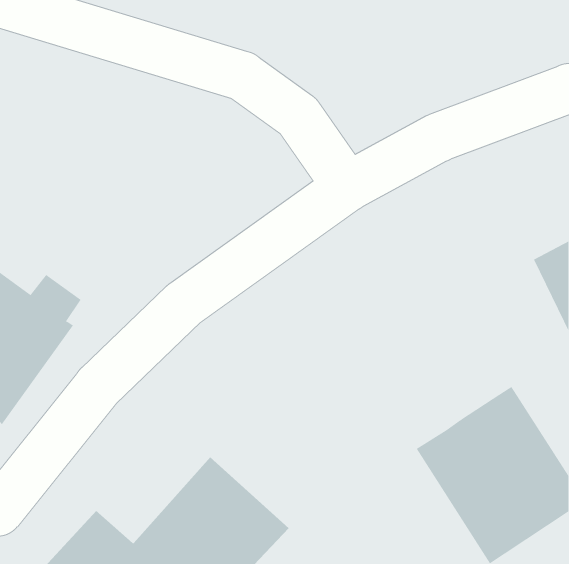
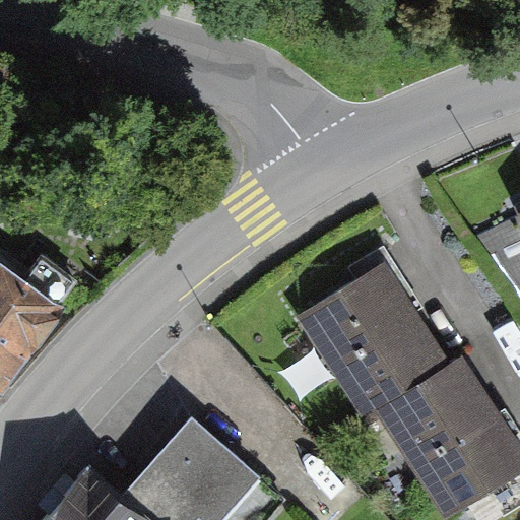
building: none -> [295,259,454,424]

